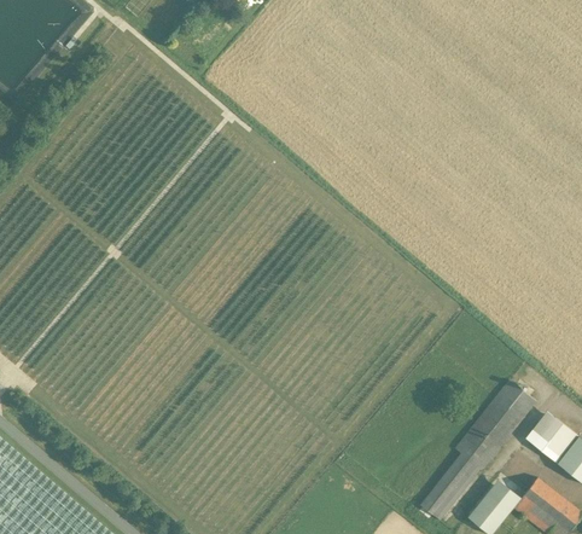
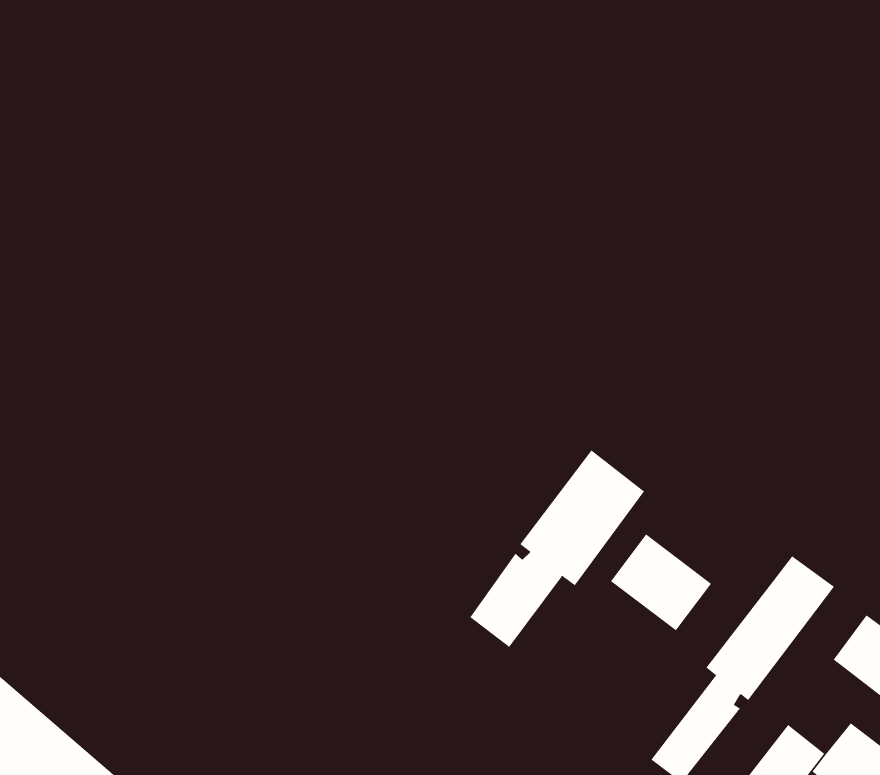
building: none -> [469,450,645,648]
building: none -> [610,534,712,631]

